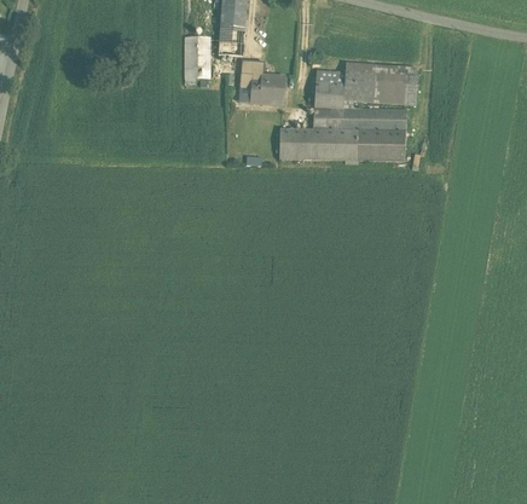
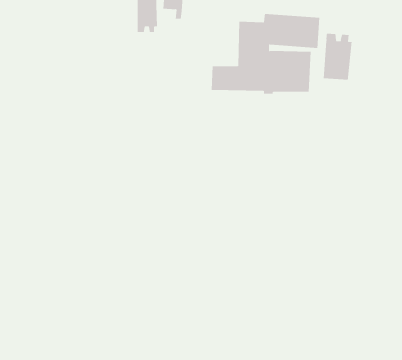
building: [239,73,285,105] -> none
building: none -> [323,33,352,81]

